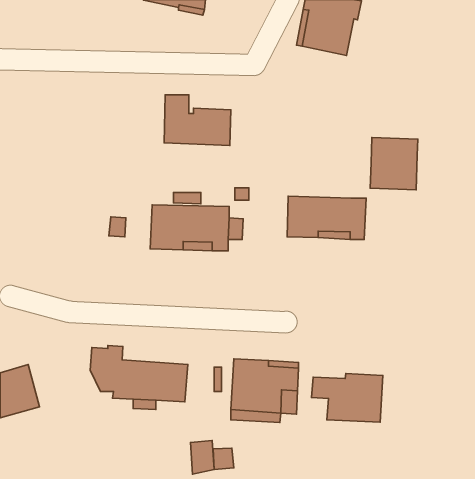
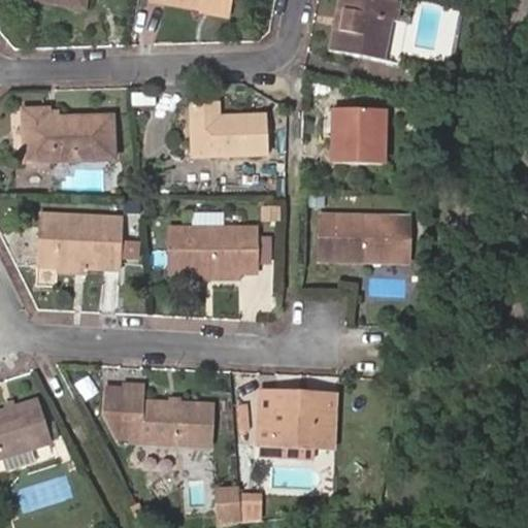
building: none -> [26,107,112,159]
building: [370,137,418,190] -> [333,106,386,164]
building: none -> [37,212,123,267]
building: [312,374,383,422] -> none

